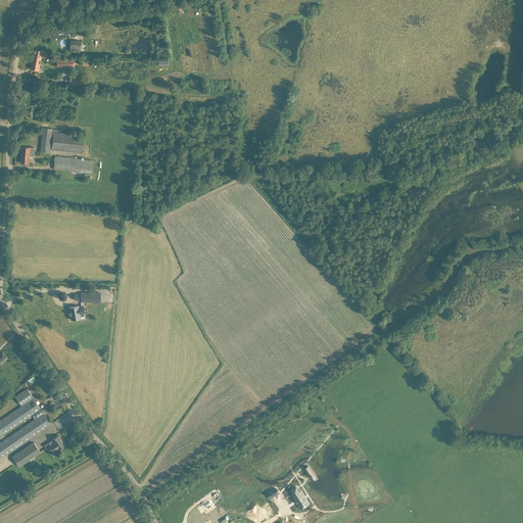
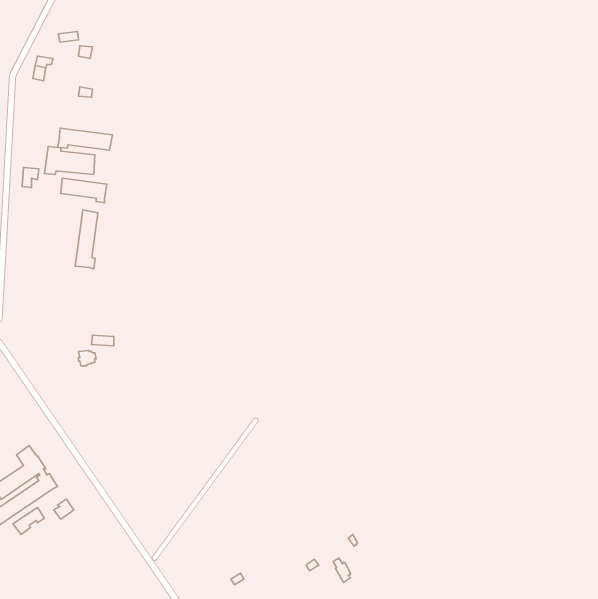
building: none -> [58,128,113,150]
building: none -> [75,210,98,269]

